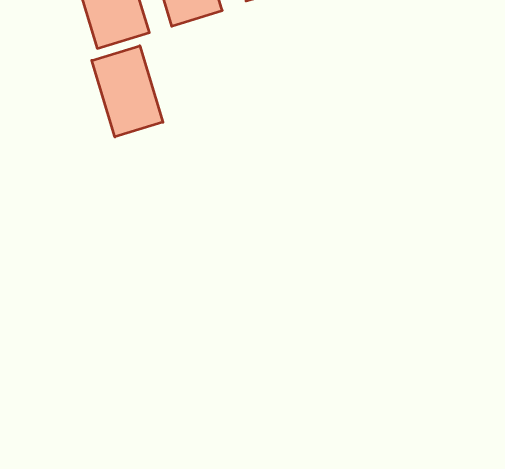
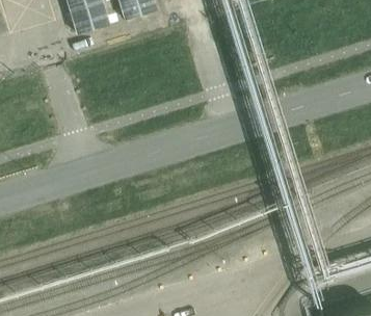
building: [92,46,163,137] -> none

